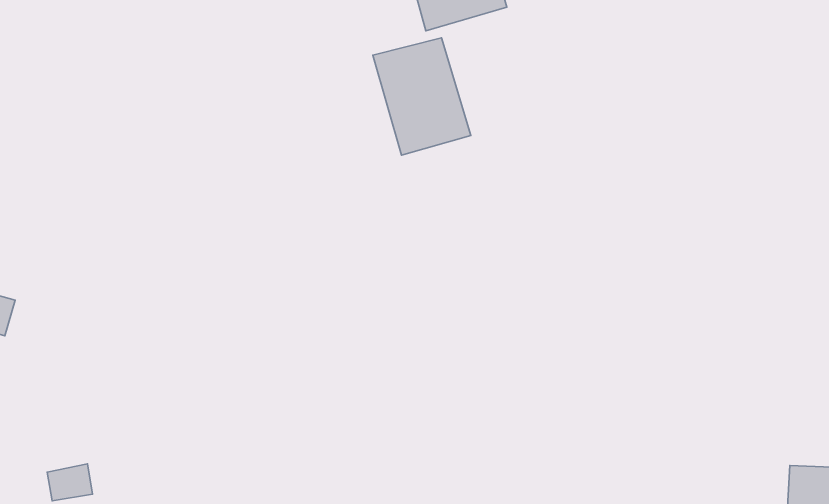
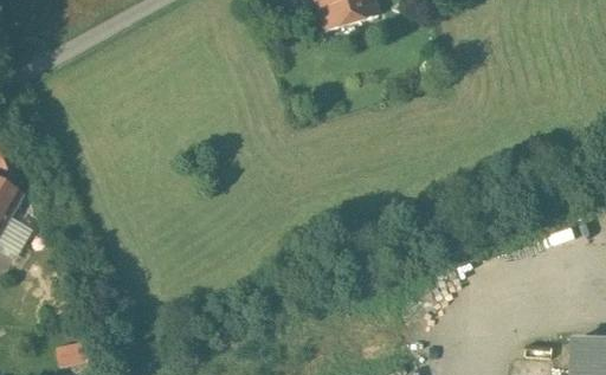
building: [373,38,471,155] -> none

